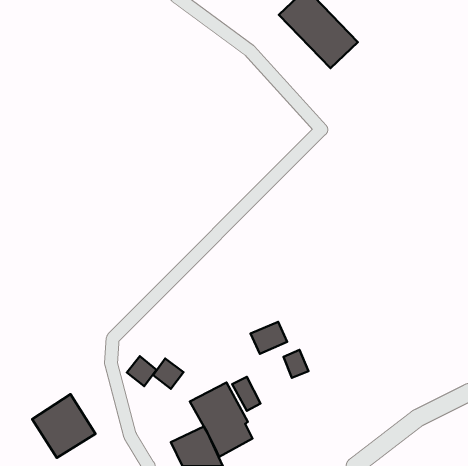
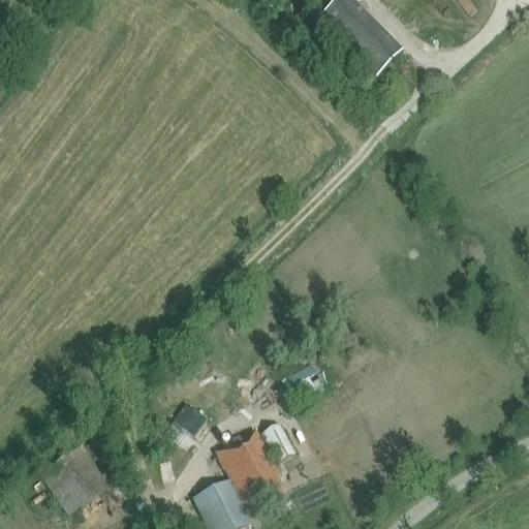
building: [283,350,309,378] -> none
building: [127,356,156,386] -> none

